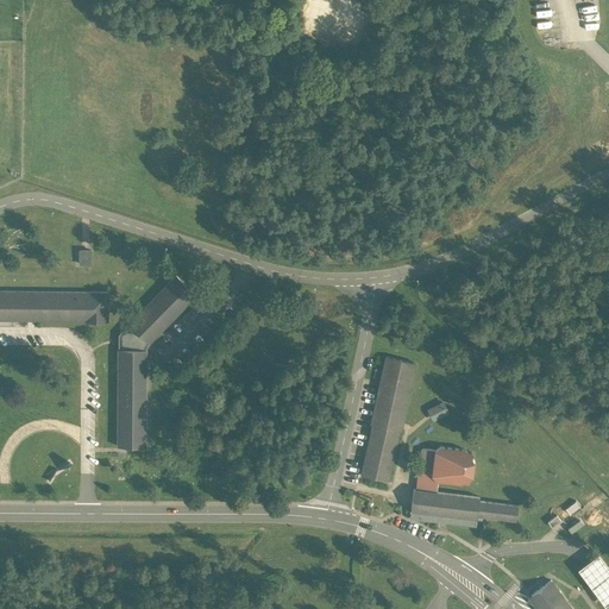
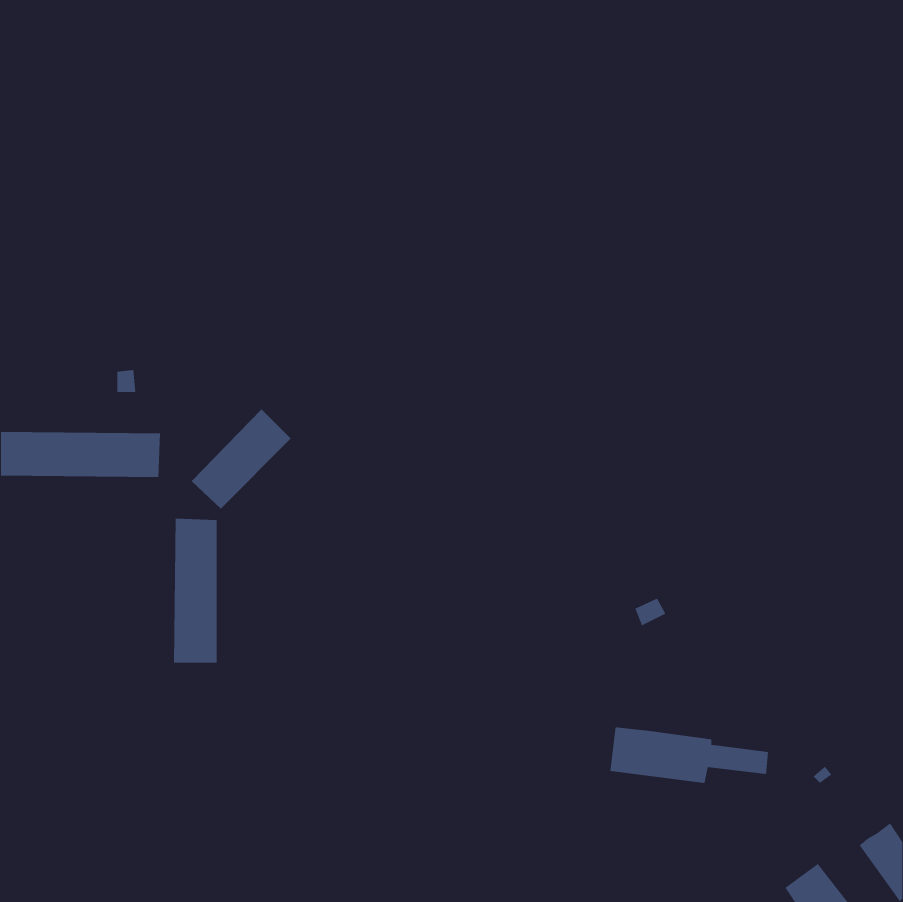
building: [118,325,149,351] -> none
building: [359,358,415,483] -> none
building: [414,448,475,492] -> none

